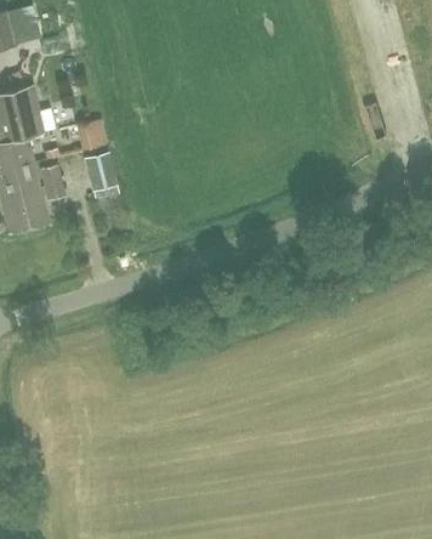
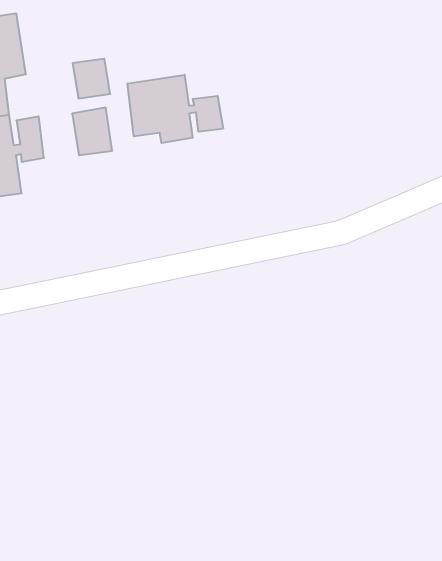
building: none -> [128,75,223,143]

